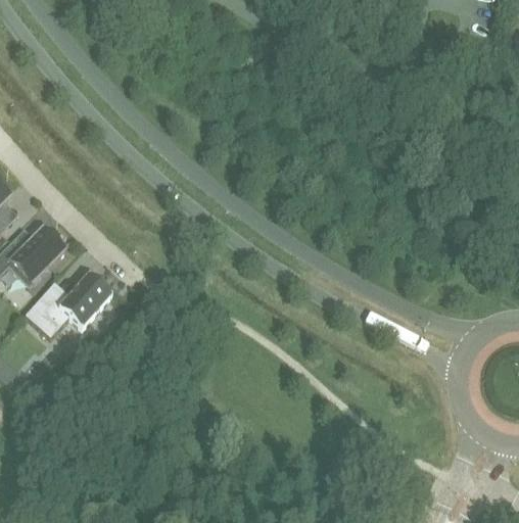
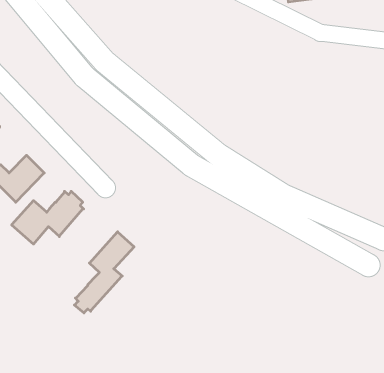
building: none -> [74,232,134,313]

